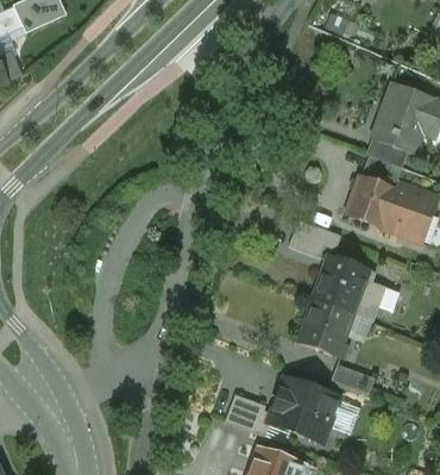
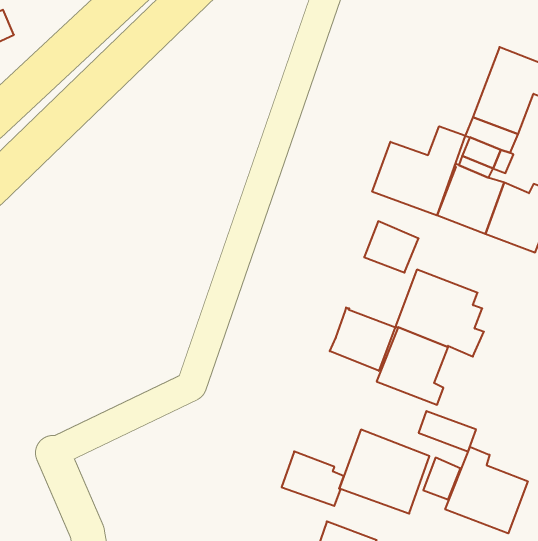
building: none -> [372,126,465,215]
building: none -> [330,307,395,371]
building: none -> [445,447,528,533]

